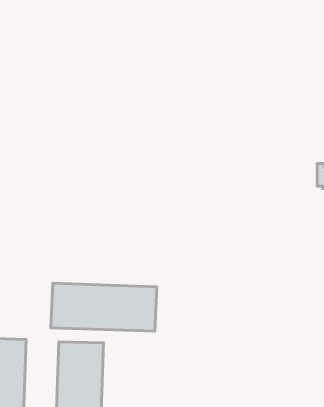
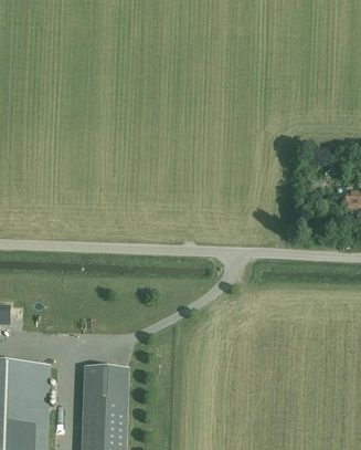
building: [51,283,157,331] -> none

